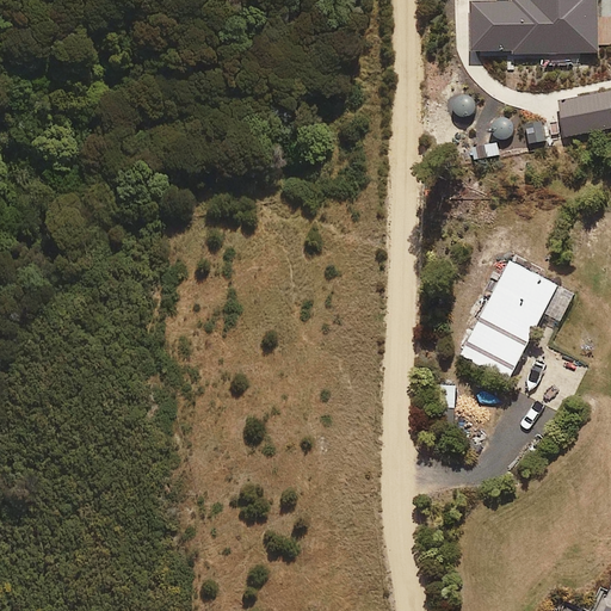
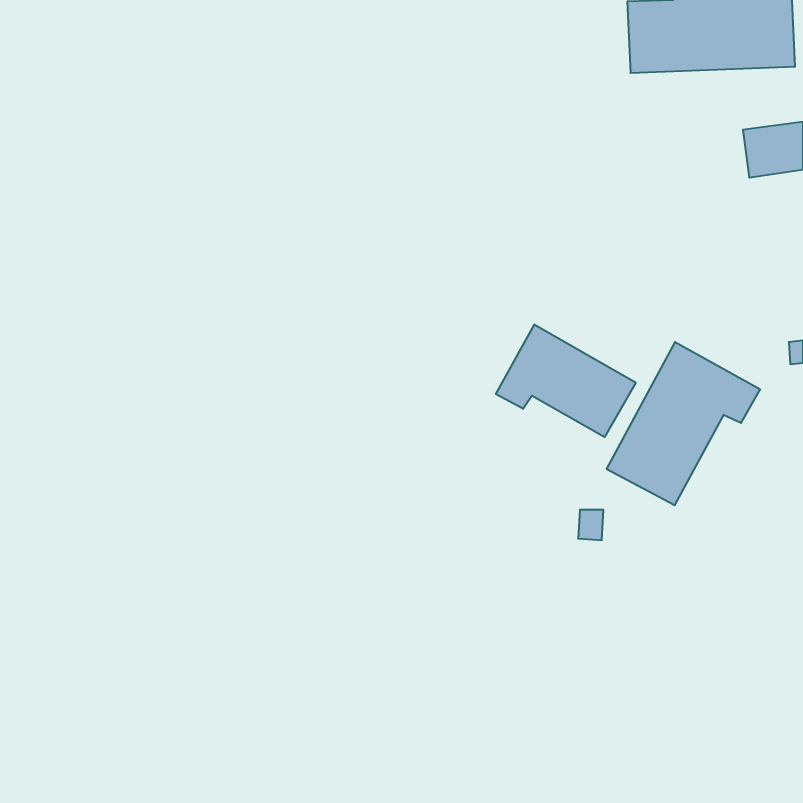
building: none -> [496,324,636,437]

